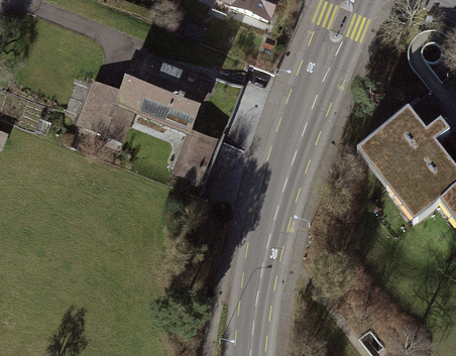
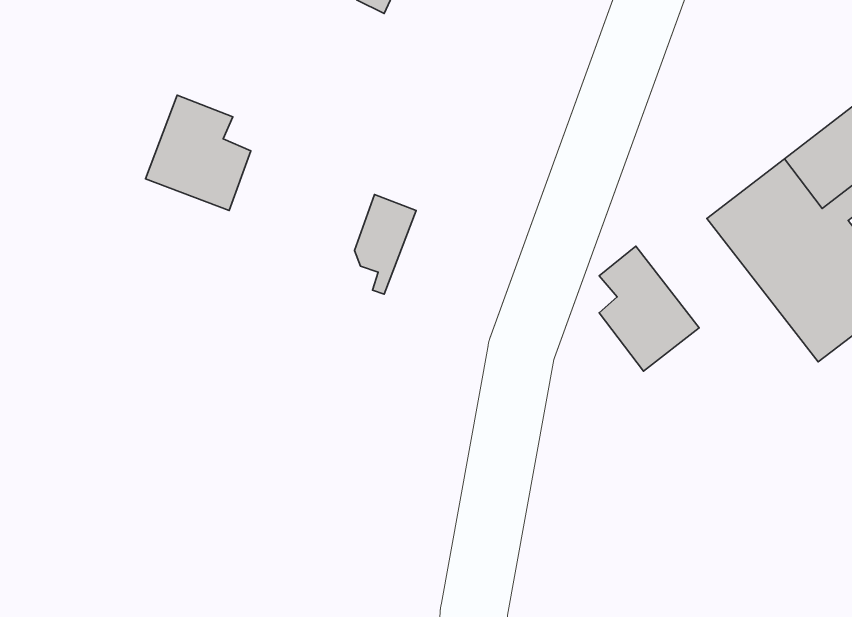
building: [116,56,206,133] -> none
building: none -> [599,246,699,371]

